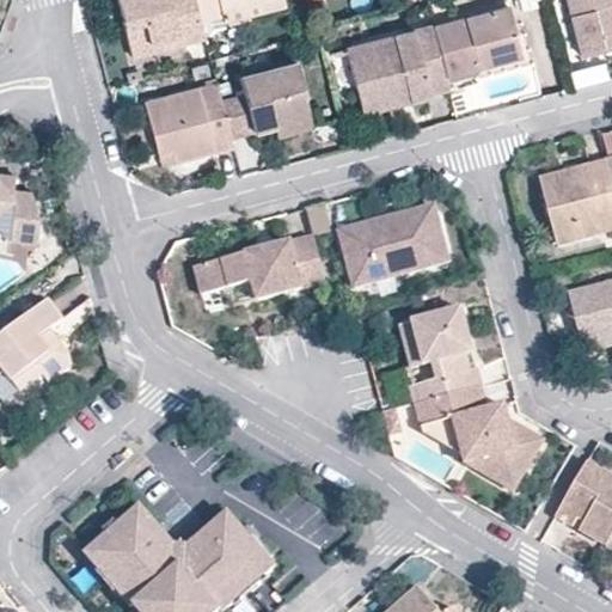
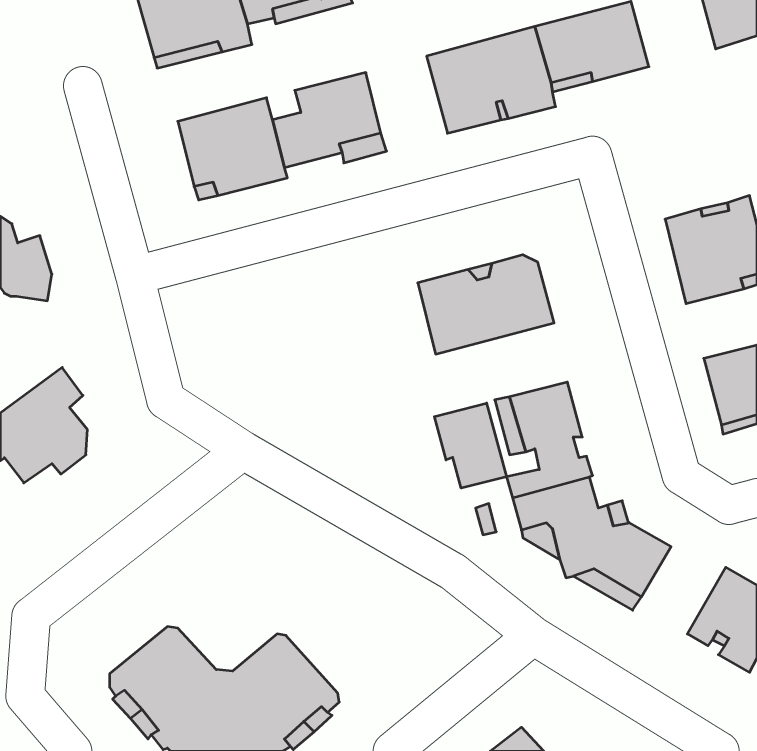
building: [195,234,325,298] -> none
building: none -> [434,403,507,488]

